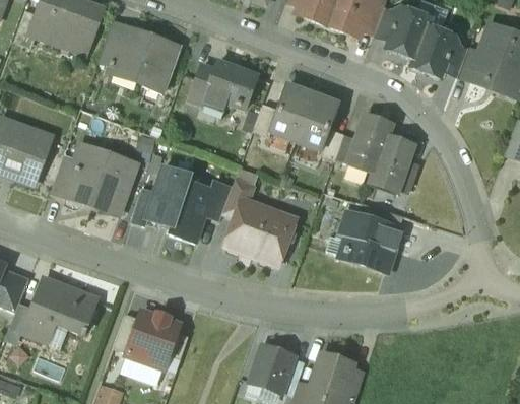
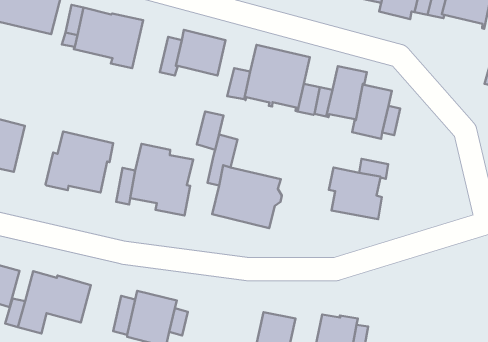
building: [51,160,76,199] -> none
building: [203,182,233,220] -> [197,111,223,150]

